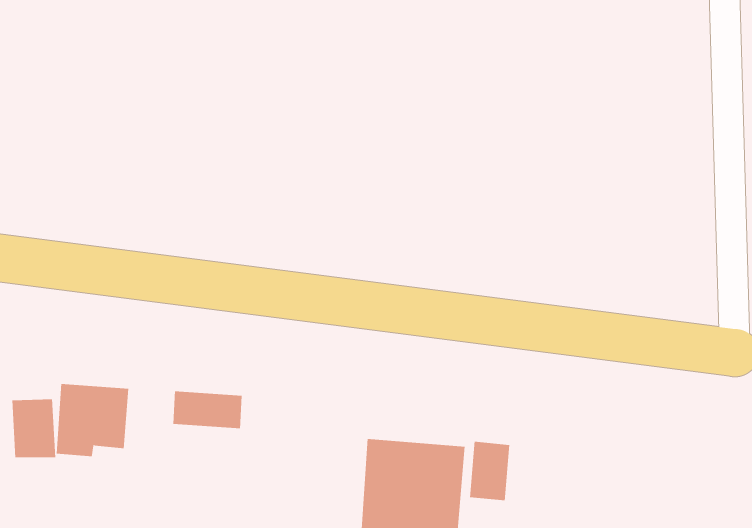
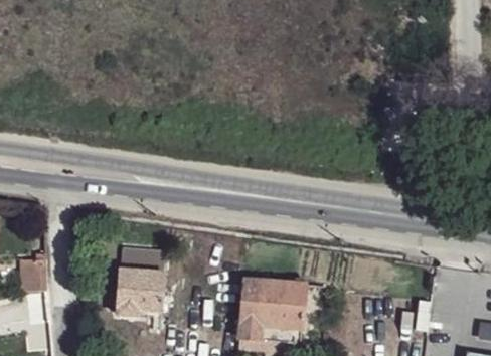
building: [56,384,129,457] -> [117,270,163,316]
building: [470,441,510,501] -> none

